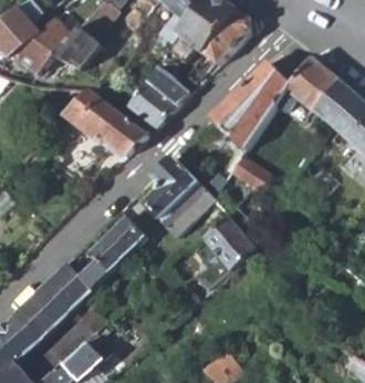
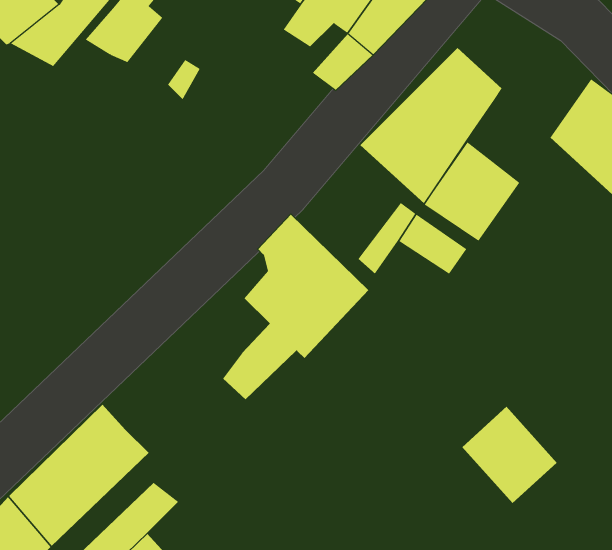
building: [129,56,190,127] -> none
building: [286,56,341,113] -> [424,142,520,242]
building: [65,92,149,157] -> none
building: [204,213,258,268] -> [461,406,557,504]
building: [79,216,144,291] -> none

